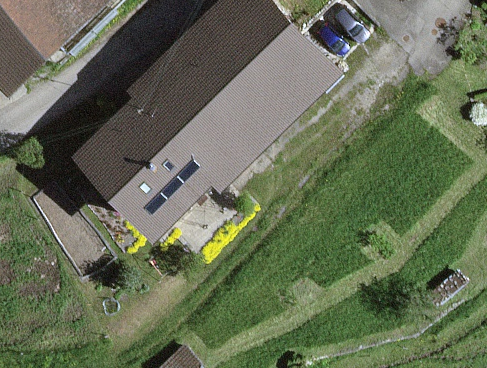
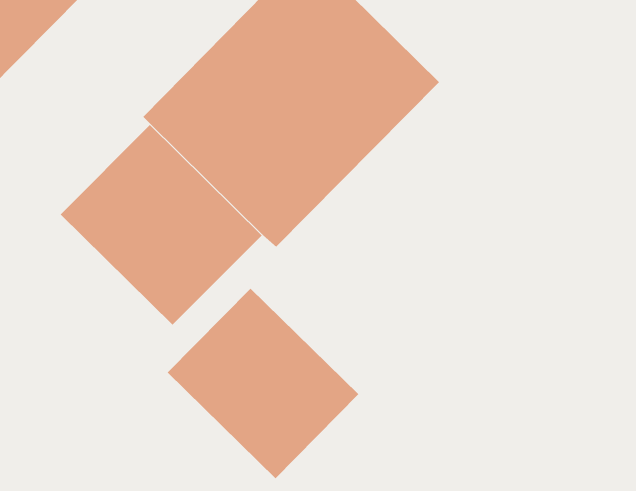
building: none -> [167,288,359,479]

